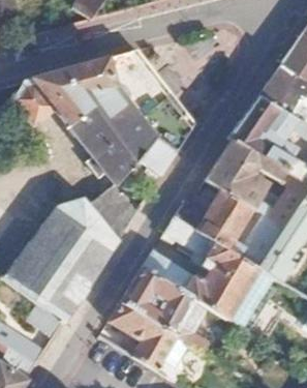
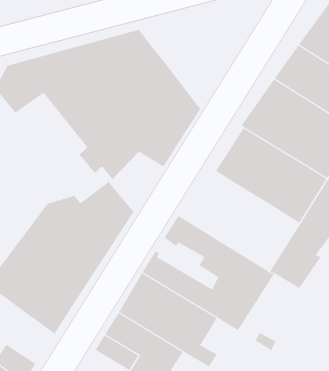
building: [173,185,280,265] -> none

